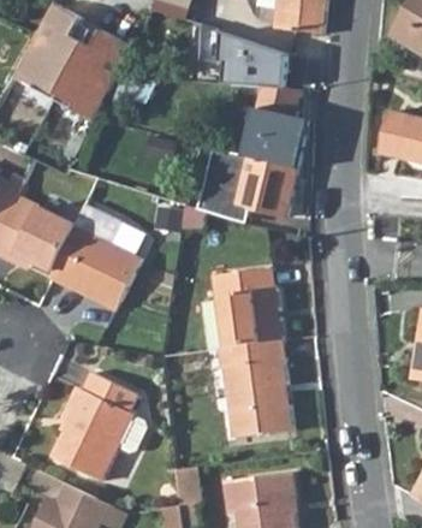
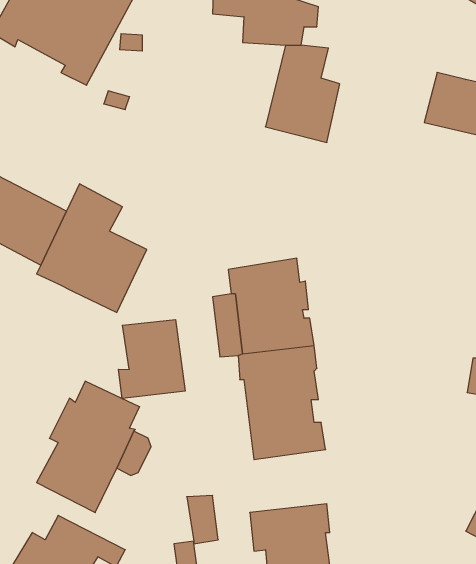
building: [194,148,293,216] -> none
building: none -> [118,320,185,399]

